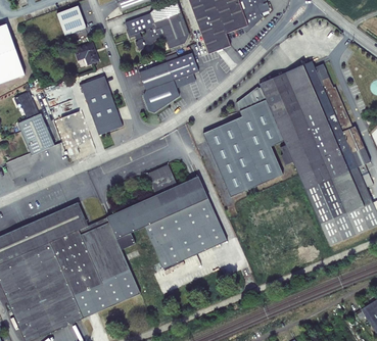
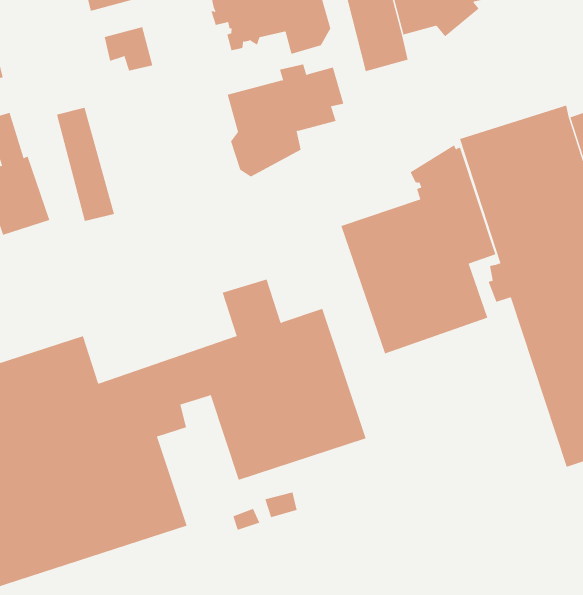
building: [81,77,122,135] -> none

